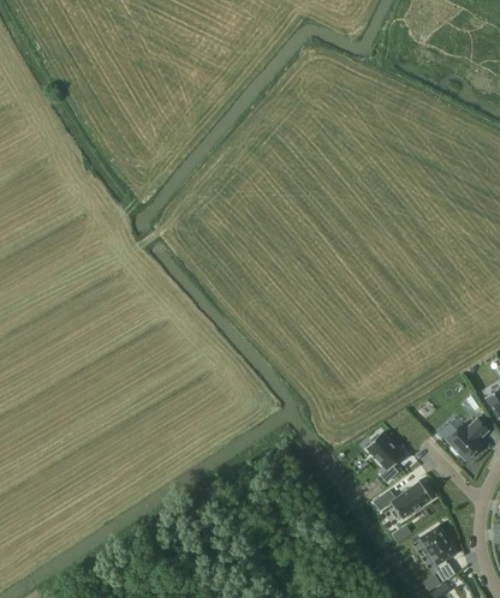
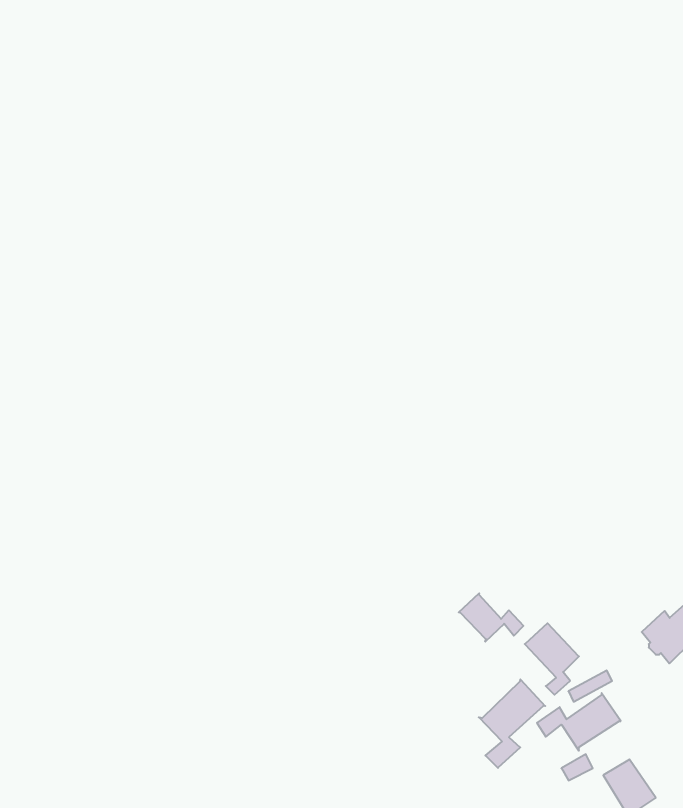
building: none -> [459,593,523,642]
building: none -> [479,679,545,768]

